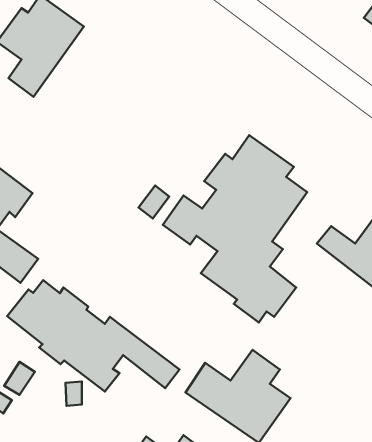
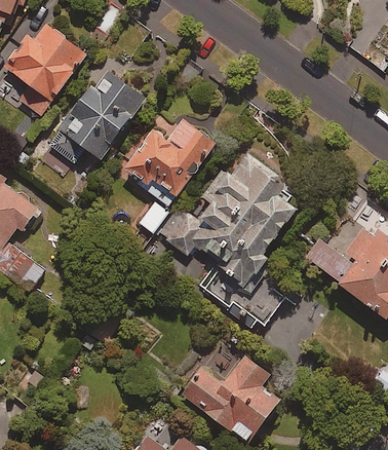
building: none -> [48,68,145,162]
building: none -> [121,118,216,207]
building: [7,280,180,392] -> none

